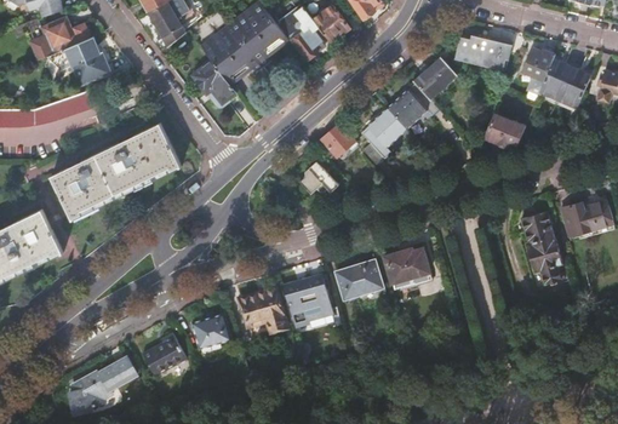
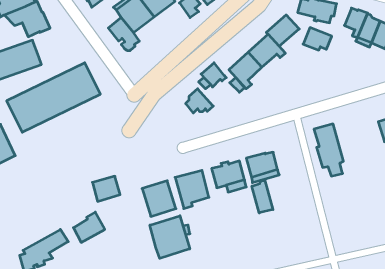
building: [485,113,525,144] -> [303,28,332,50]
building: [521,210,562,282] -> [314,124,343,176]
building: none -> [252,181,273,213]
building: [193,313,231,348] -> [92,176,120,201]
building: none -> [150,216,190,258]

